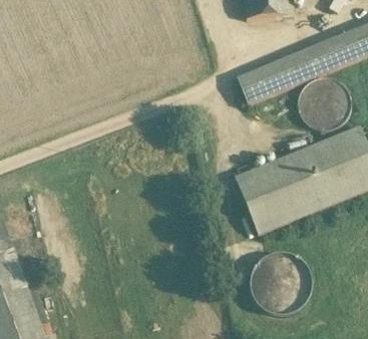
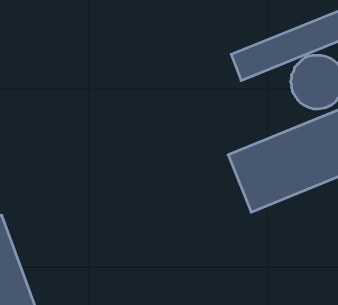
building: [250,245,310,312] -> none

